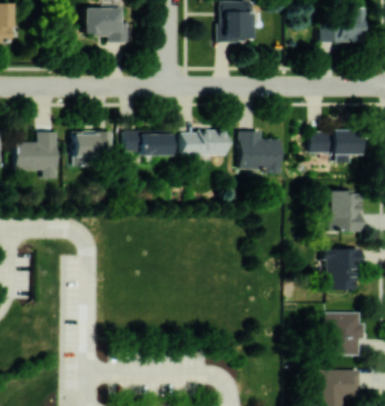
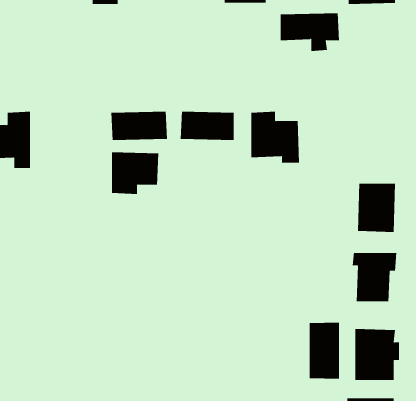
building: [73,131,113,167] -> [111,152,159,194]
building: [312,131,362,164] -> [280,13,340,52]
building: none -> [309,322,340,380]

